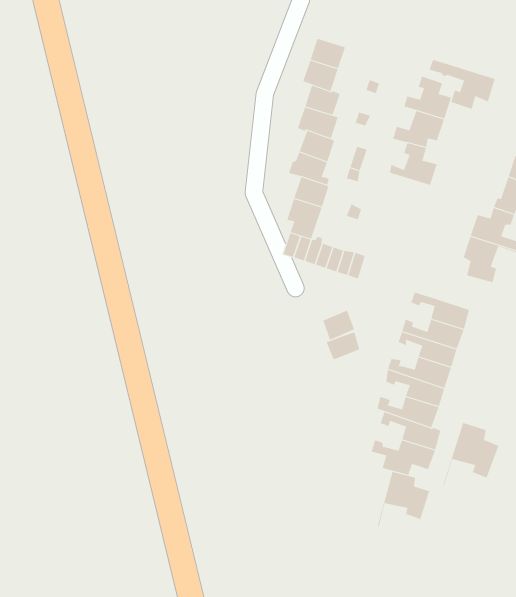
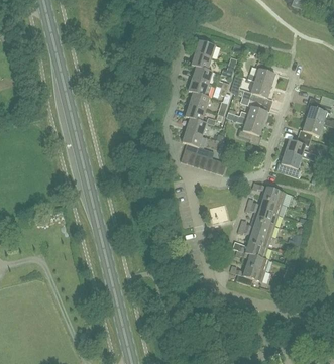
building: [429,59,496,110] -> [225,111,262,139]
building: [442,422,499,487] -> none
building: [377,471,430,528] -> none

